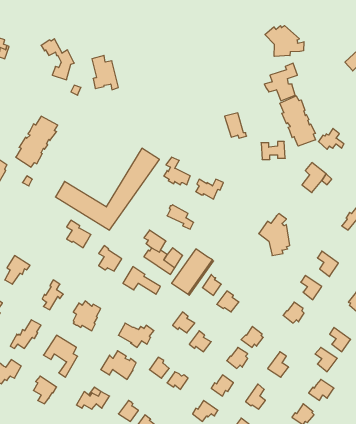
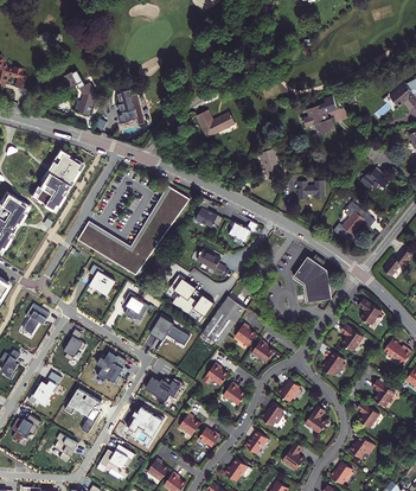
building: [265,26,304,56] -> none
building: none -> [197,110,236,136]
building: [280,96,316,146] -> none

